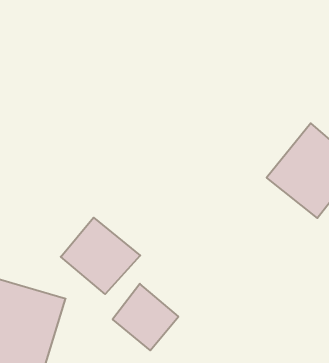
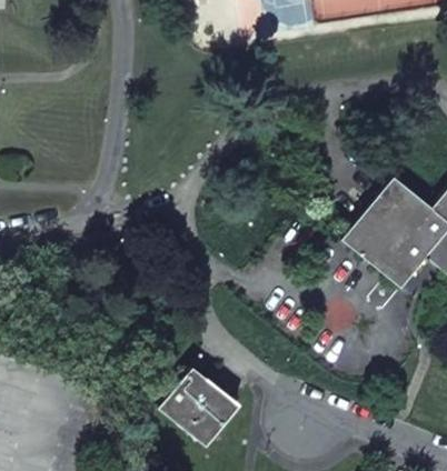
building: [61,218,140,294] -> none

